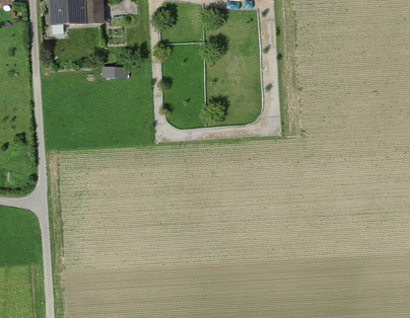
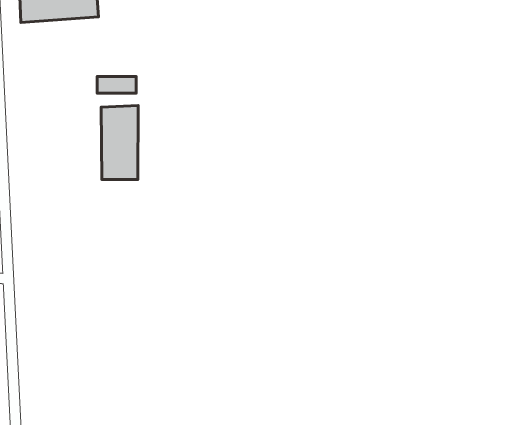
building: none -> [101,105,138,180]

